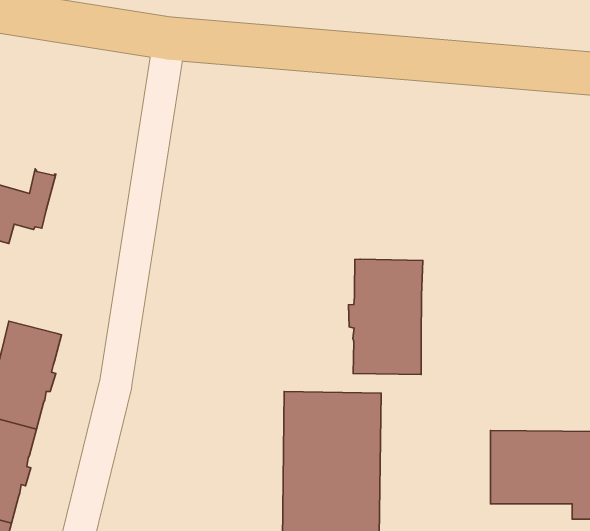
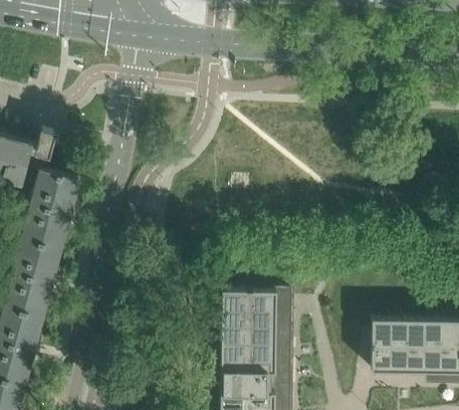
building: none -> [22,170,79,248]
building: [348,259,423,374] -> none

